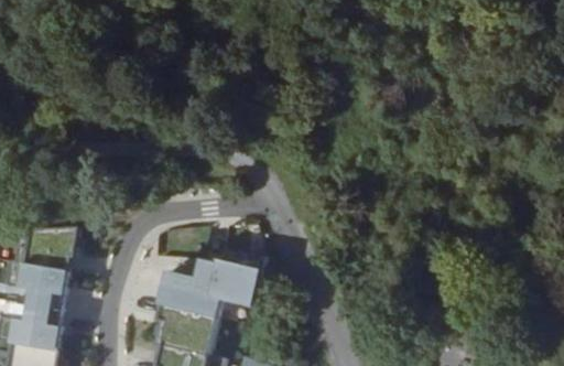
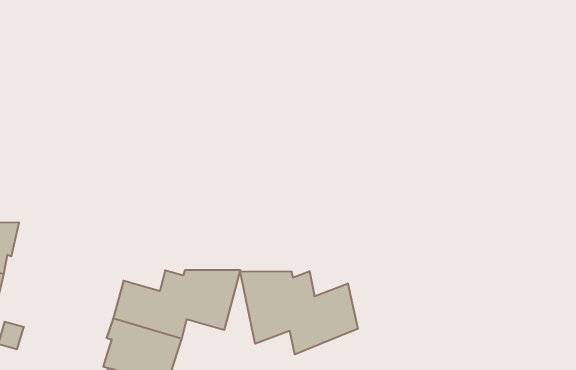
building: none -> [240,271,358,354]

